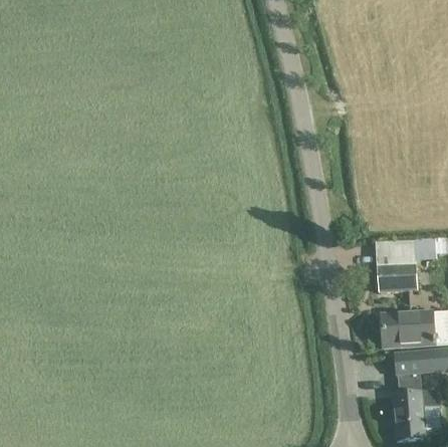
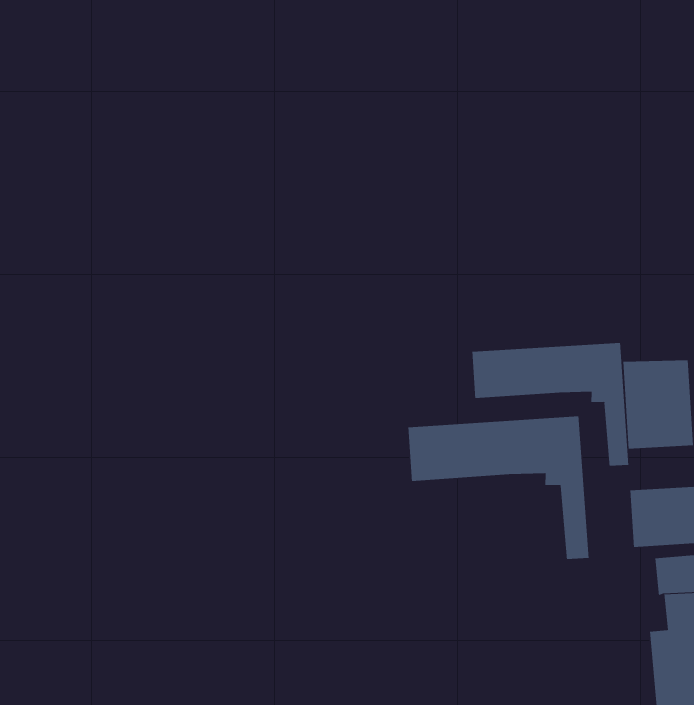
building: none -> [472,342,629,467]
building: none -> [408,416,589,560]

